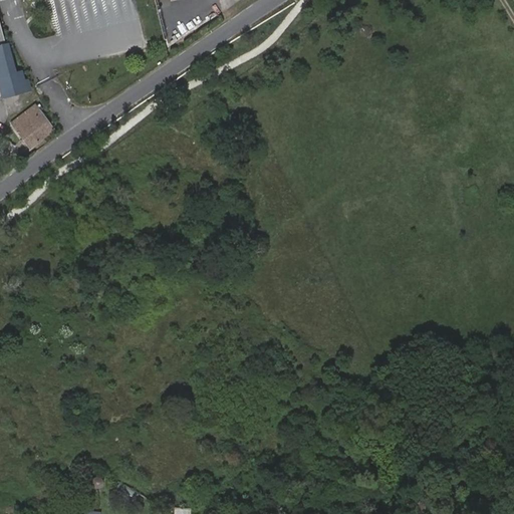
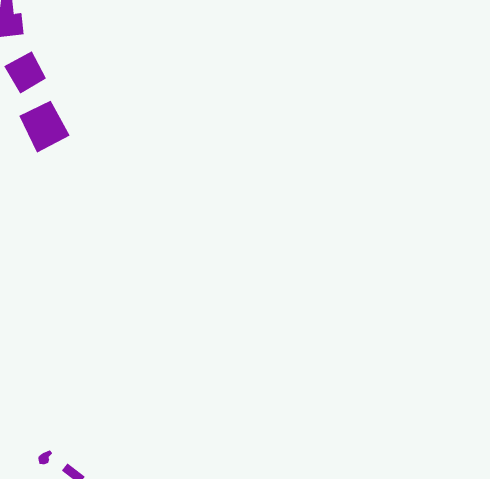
building: none -> [18,100,70,154]

